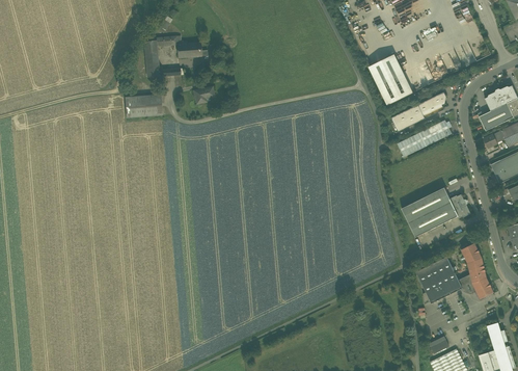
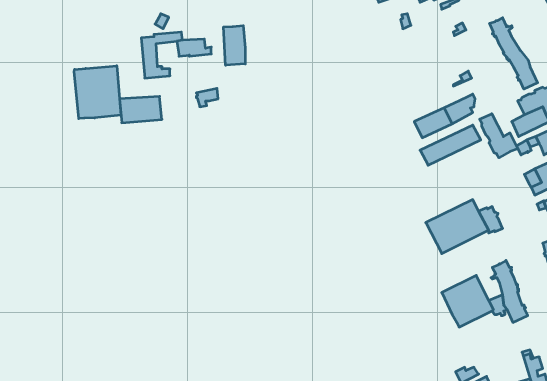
building: none -> [490,18,538,89]
building: none -> [224,26,245,65]
building: [369,55,412,105] -> none
building: none -> [74,66,121,119]
building: none -> [480,114,518,158]

